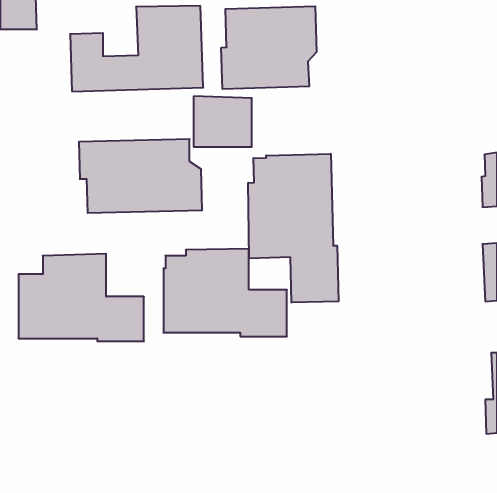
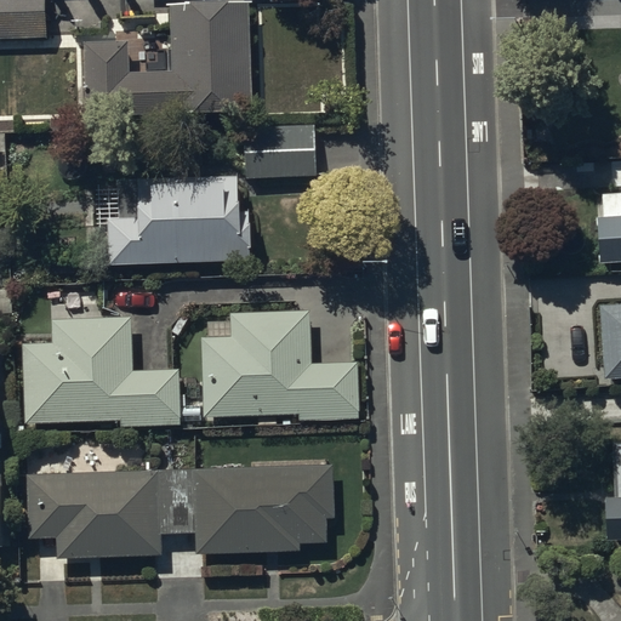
building: [221,6,317,89] -> none
building: [248,154,339,303] -> none
building: none -> [27,463,334,558]

